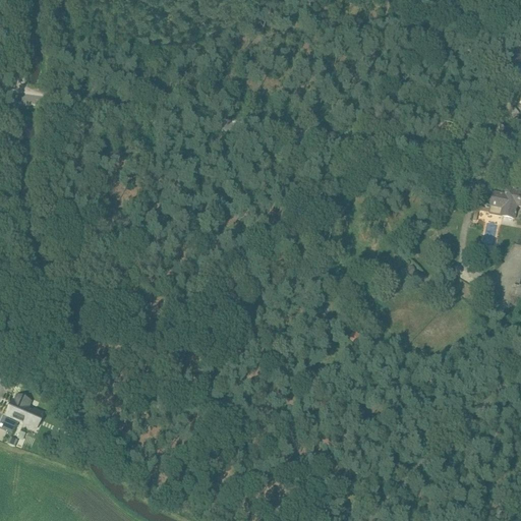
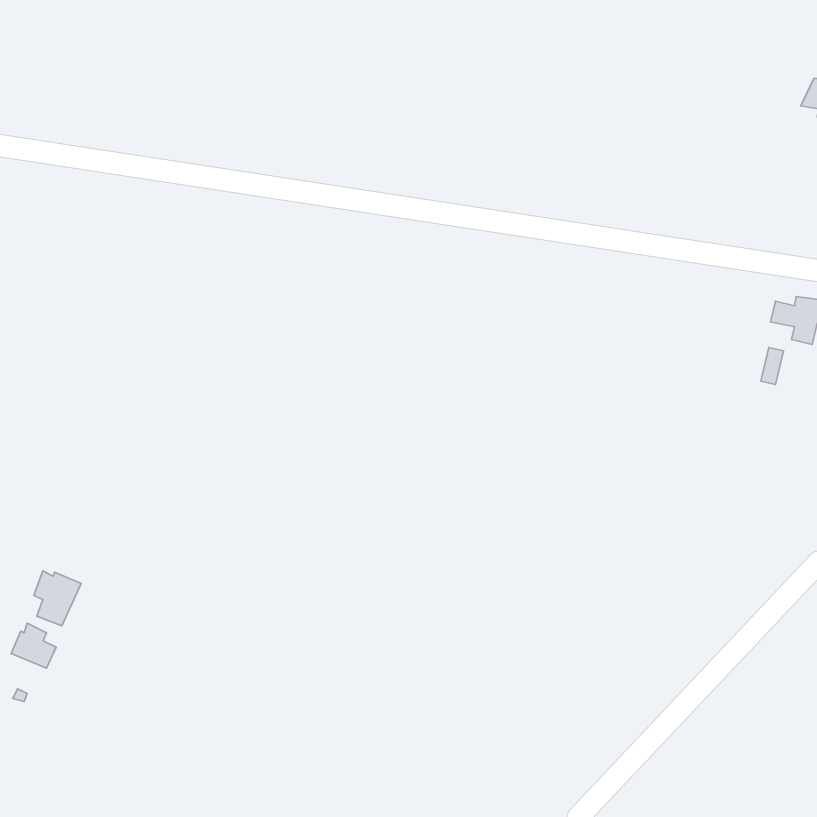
building: none -> [34,571,81,626]

